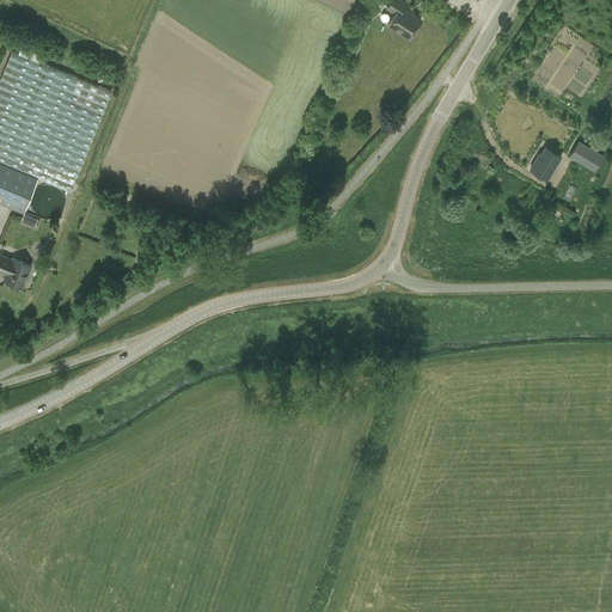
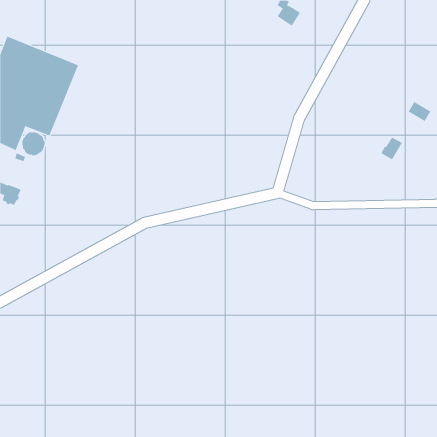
building: [530,147,561,179] -> [380,137,403,160]

